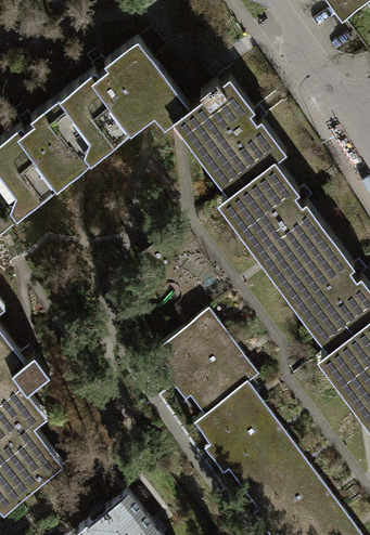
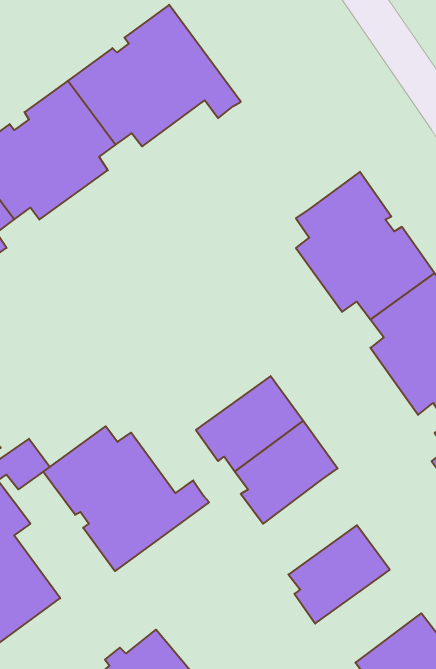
building: [184,82,286,192] -> none
building: none -> [43,426,209,571]
building: [196,388,275,457] -> none
building: [244,454,321,521] -> none

